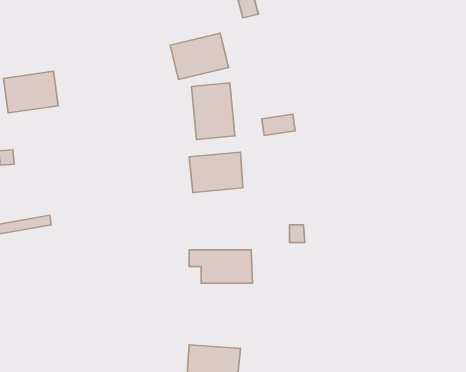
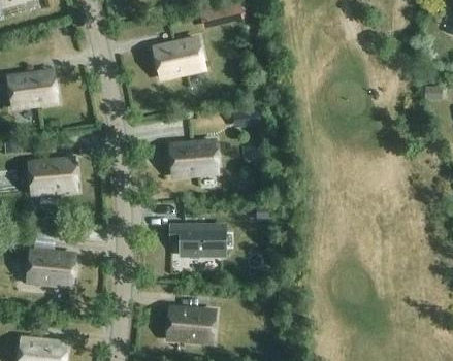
building: [192,83,235,140] -> none
building: none -> [29,158,75,192]
building: none -> [27,250,73,285]

